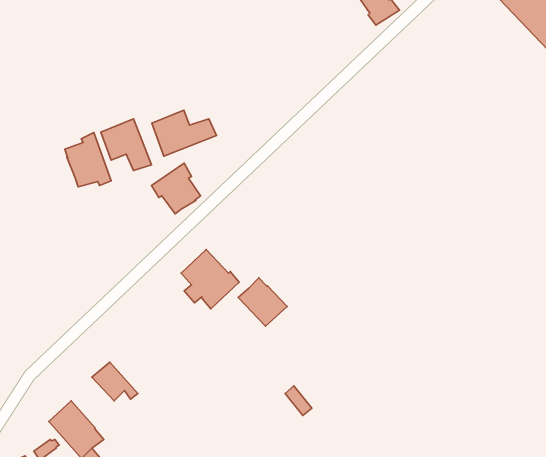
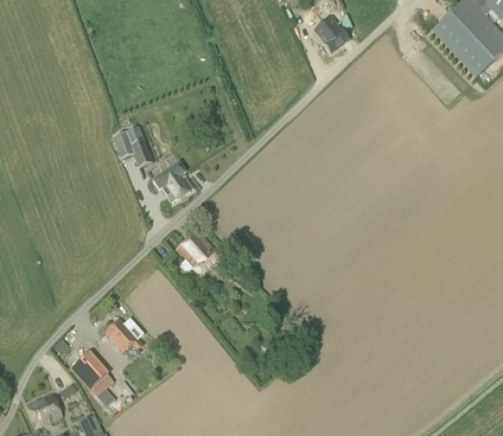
building: [152,110,217,156] -> none
building: [65,133,111,187] -> none
building: [238,278,287,326] -> none

